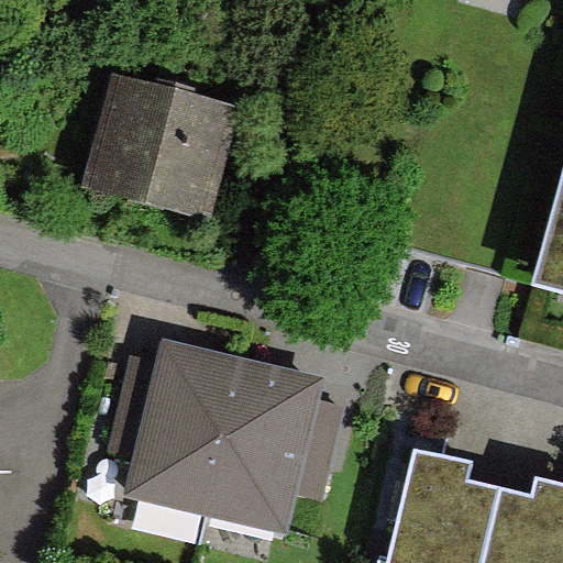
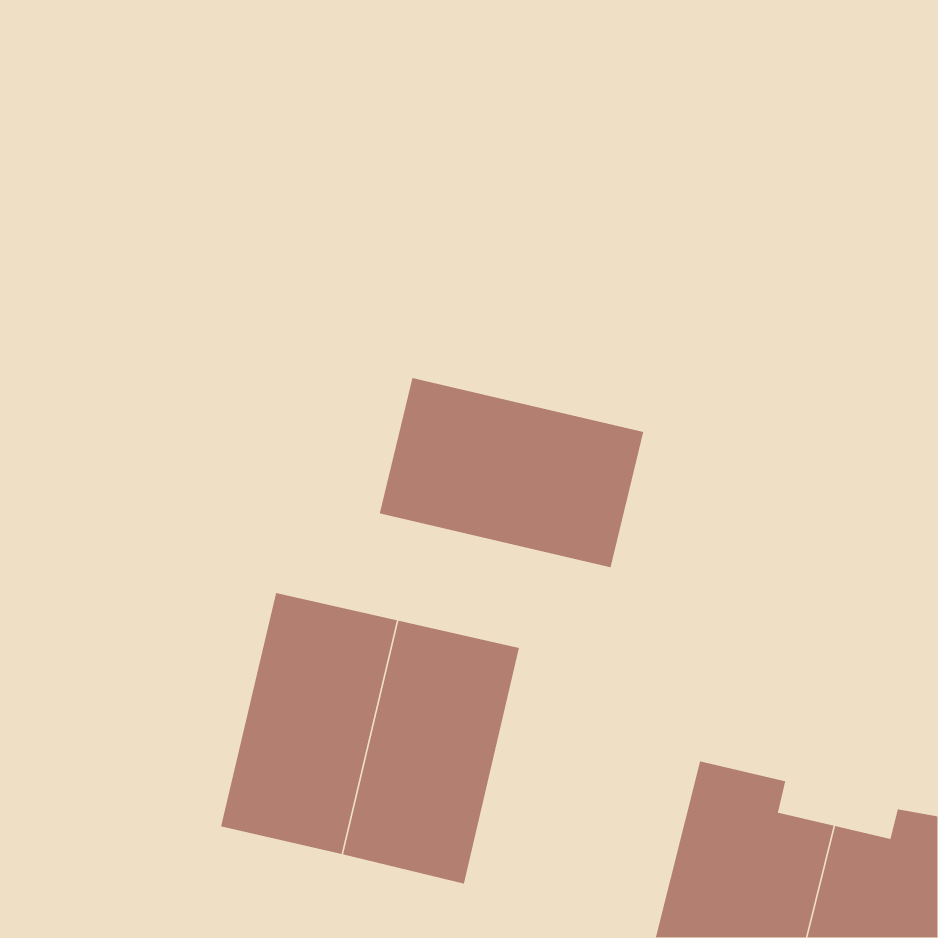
building: [87,75,242,218] -> none
building: none -> [379,377,644,568]

